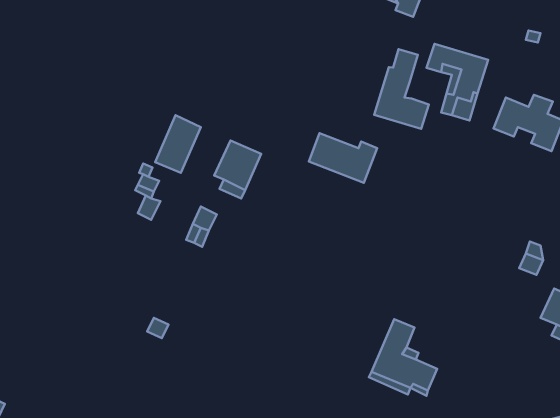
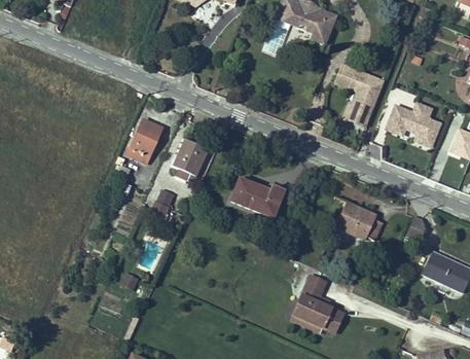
building: [374,49,429,129] -> none
building: [309,133,377,183] -> [231,179,284,217]
building: none -> [336,202,383,240]

